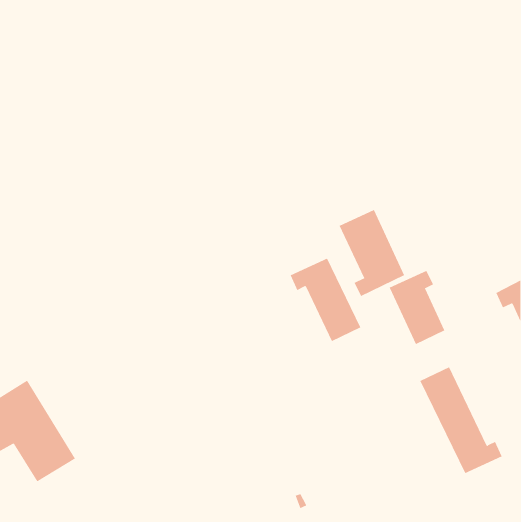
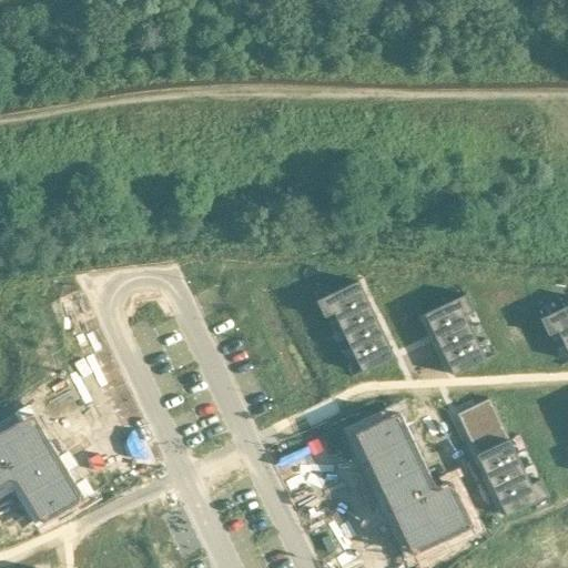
building: [339,209,405,297] -> none
building: none -> [352,410,470,555]

